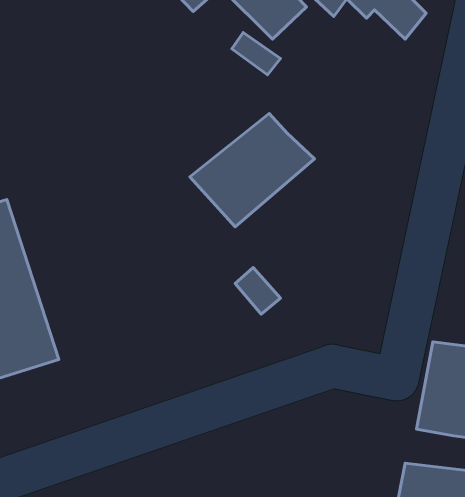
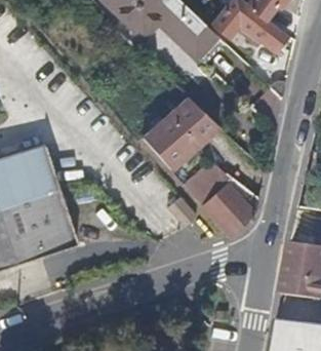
building: none -> [23,145,77,254]
building: none -> [194,171,255,239]

